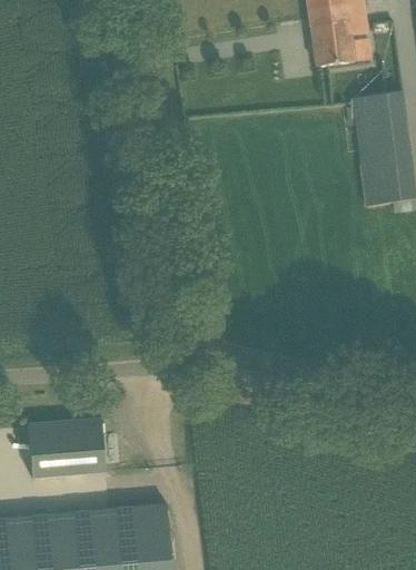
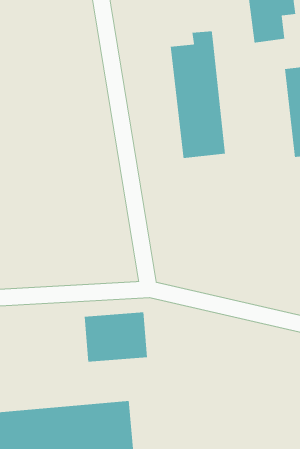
building: none -> [170,31,225,159]
building: [28,421,106,482] -> [84,312,148,362]

